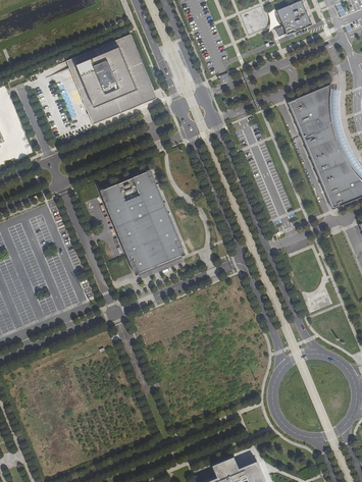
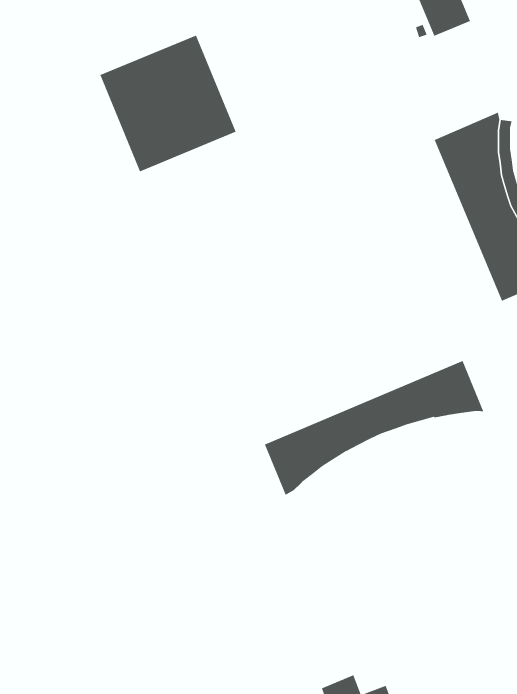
building: [100,169,186,275] -> none
building: none -> [264,360,484,496]

